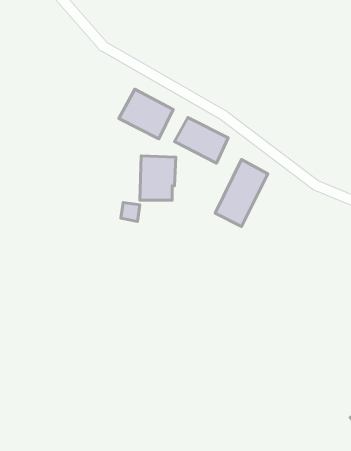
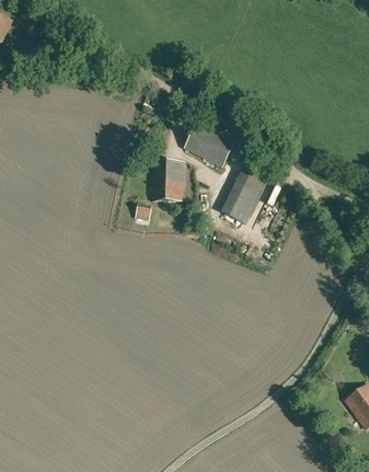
building: [119,89,173,139] -> none

